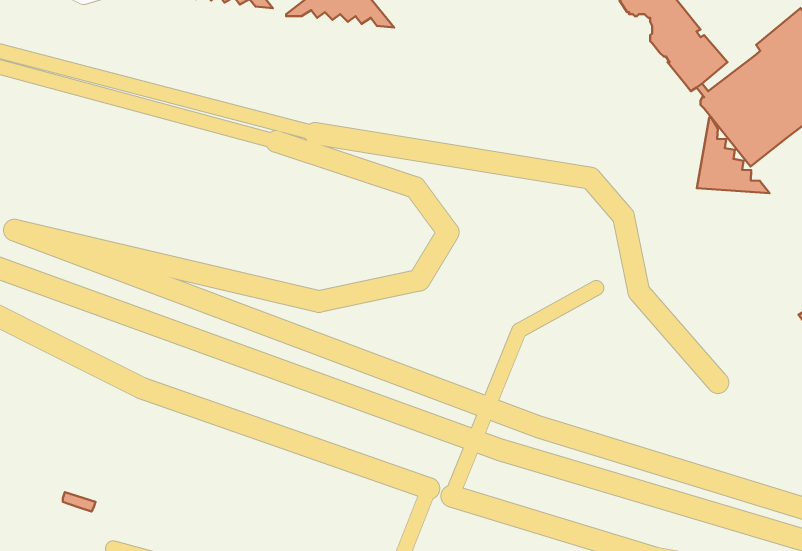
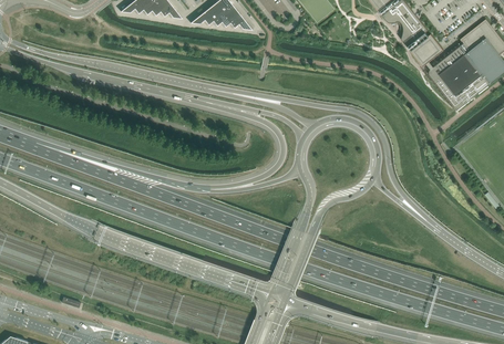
building: [697,117,769,193] -> none

